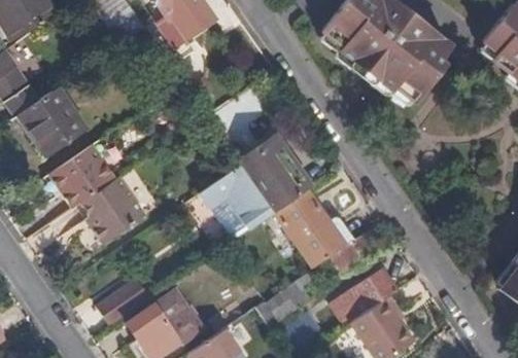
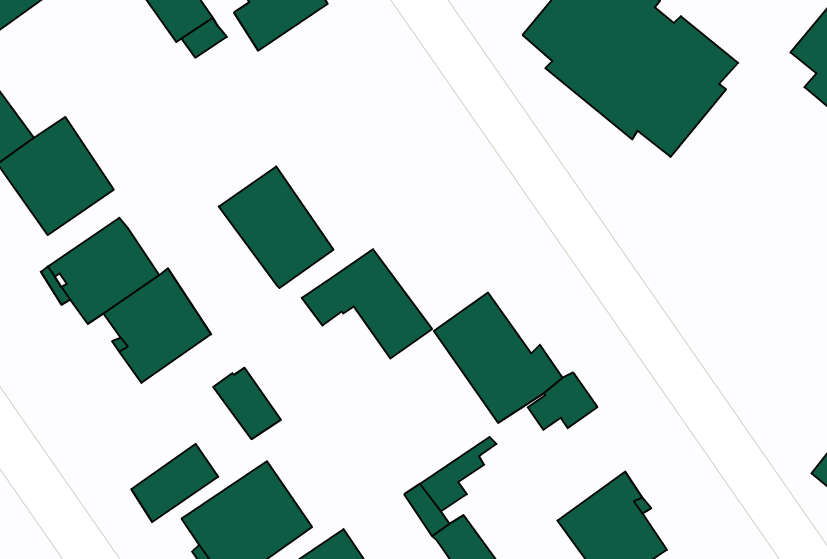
building: [240,140,308,212] -> [219,166,333,288]
building: [210,198,250,240] -> [213,368,281,439]
building: [329,267,398,326] -> none

